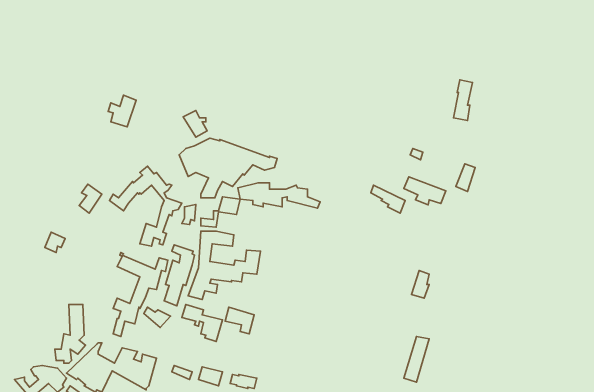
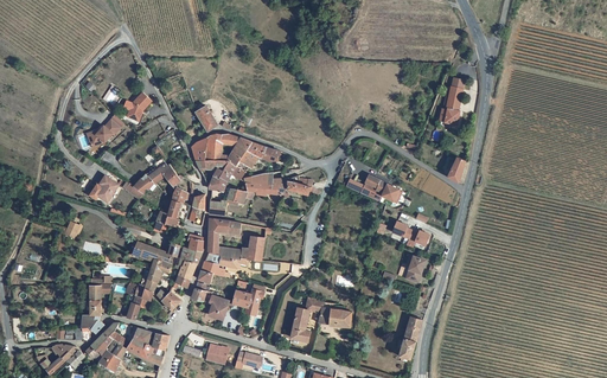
building: none -> [84,115,123,149]
building: [404,177,446,205] -> [390,222,429,248]
building: none -> [292,299,351,342]

